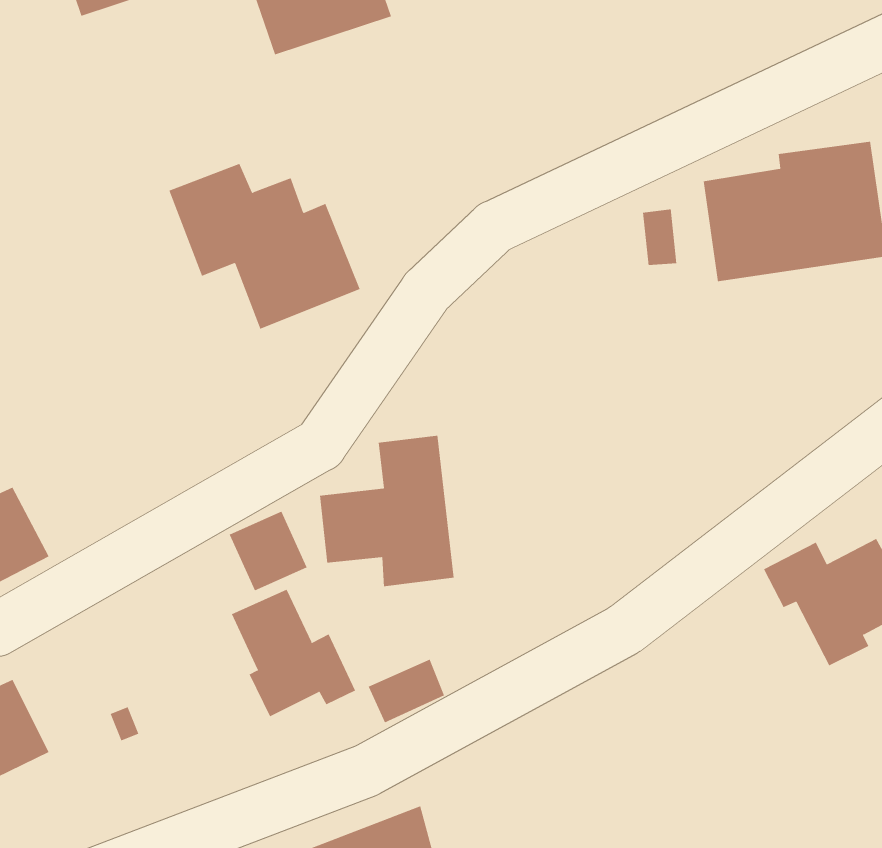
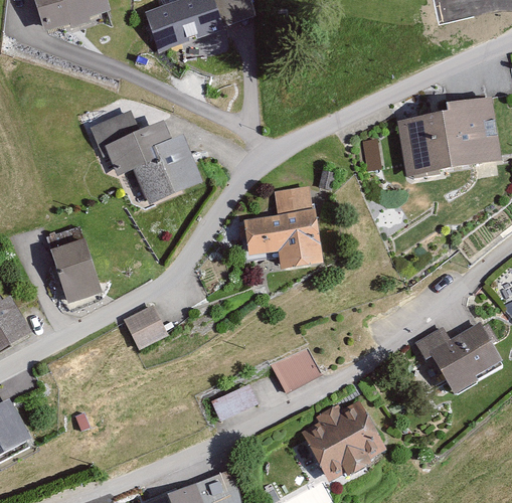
building: none -> [55,236,102,299]
building: [319,435,455,587] -> [245,188,320,272]
building: [231,589,356,717] -> none
building: none -> [265,348,312,391]
building: none -> [301,399,384,480]

